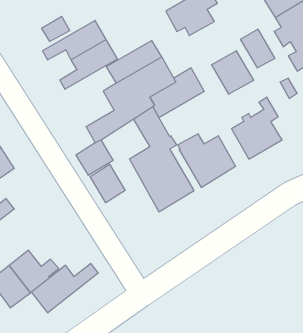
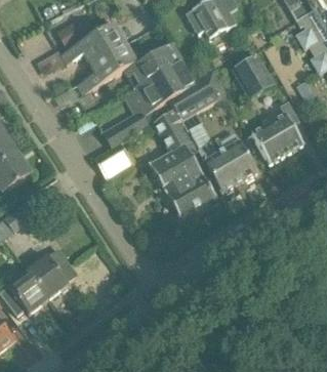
building: [241,29,275,68] -> none
building: [90,164,125,203] -> none
building: [32,263,98,313] -> none

